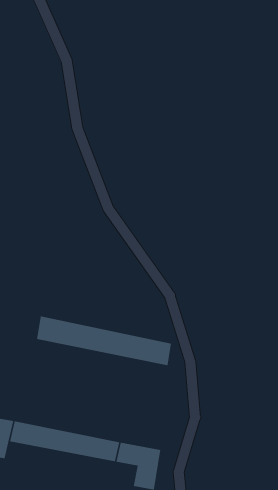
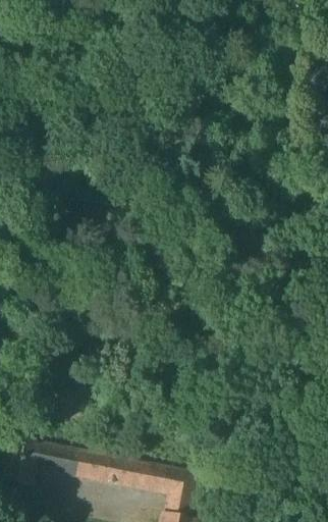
building: [36,315,172,366] -> none

